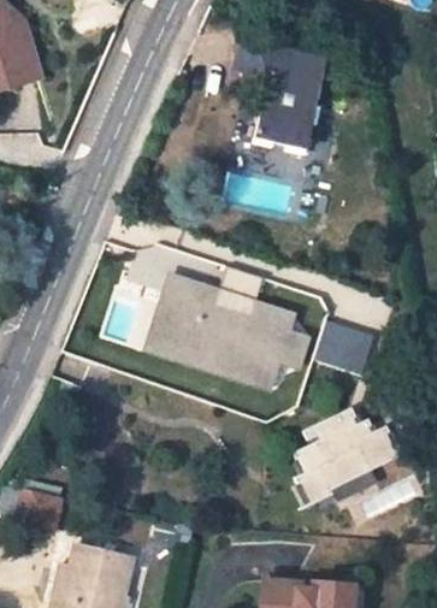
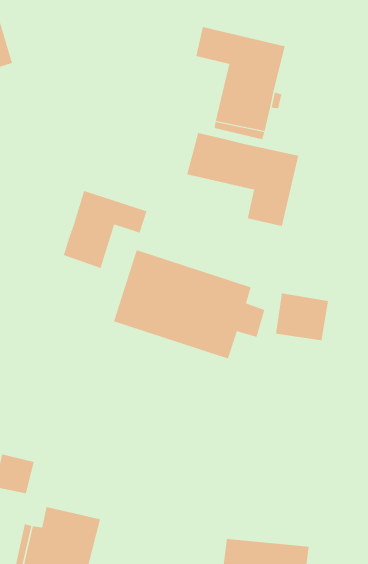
building: none -> [186,132,299,227]
building: none -> [63,190,147,269]
building: [287,413,401,504] -> none

